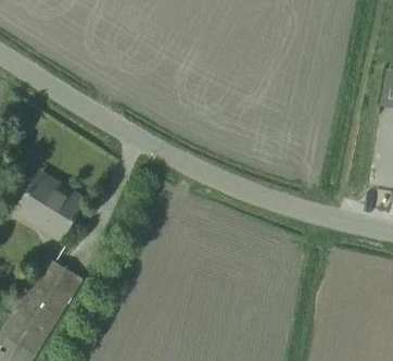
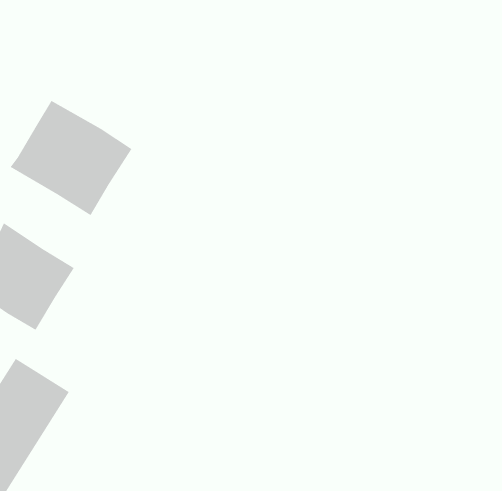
building: none -> [9,100,133,216]

